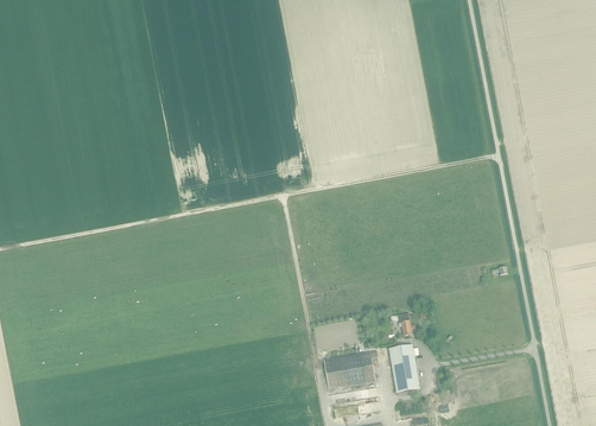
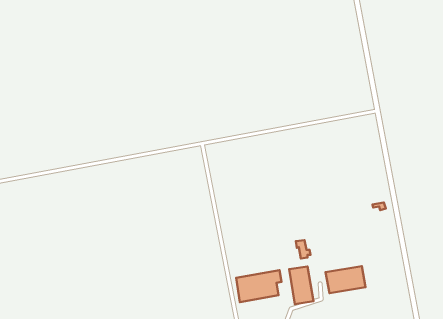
building: none -> [326,266,366,293]

